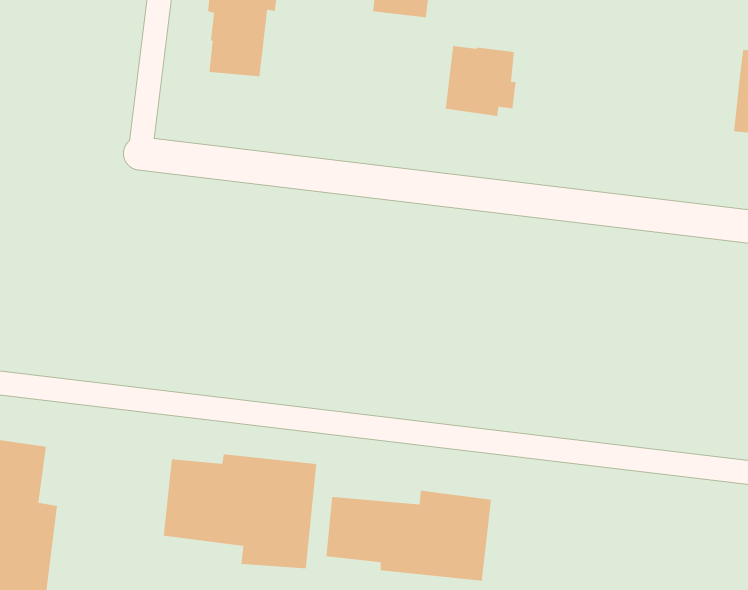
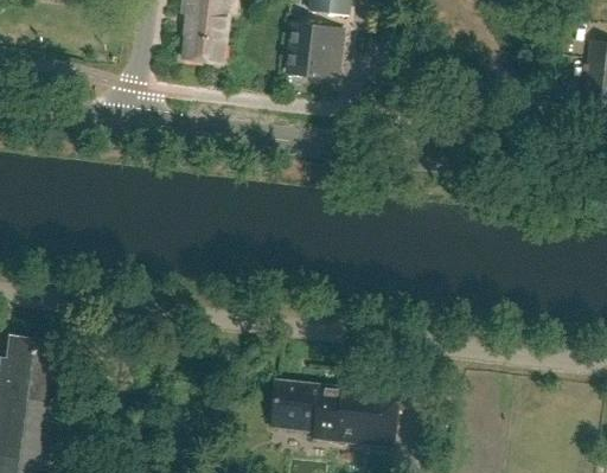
building: [445,45,516,117] -> [285,23,339,77]
building: [163,453,317,569] -> none

